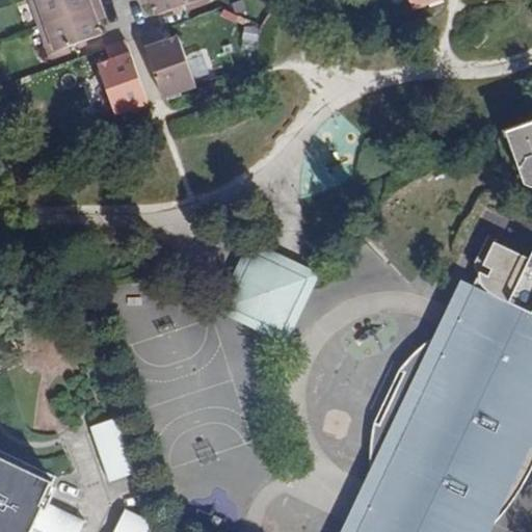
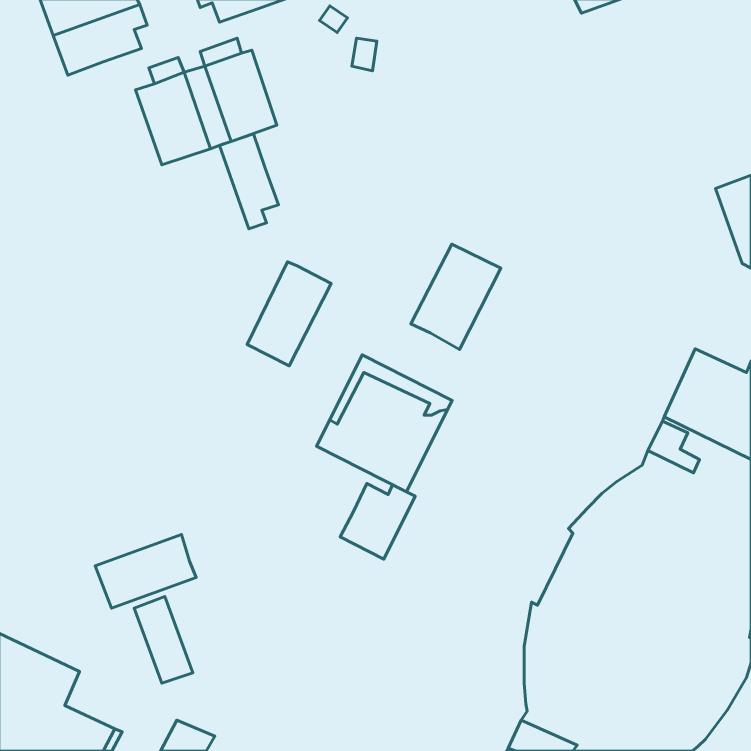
building: none -> [219,134,278,229]
building: none -> [411,244,501,349]
building: none -> [247,262,331,366]
building: none -> [340,484,415,559]
building: none -> [95,535,196,608]

